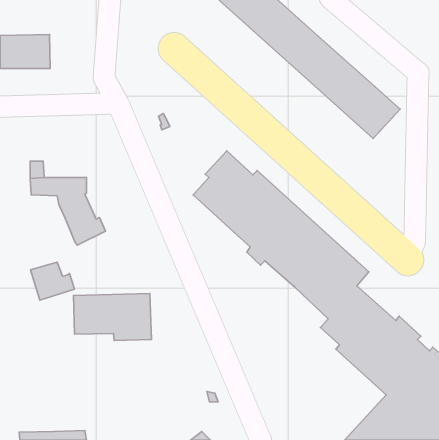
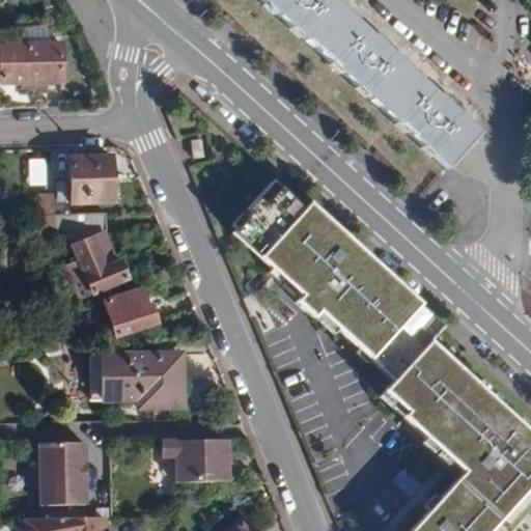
building: none -> [73,156,115,202]
building: [30,262,75,300] -> [107,290,160,336]
building: none -> [165,438,230,480]
building: none -> [43,441,89,503]

